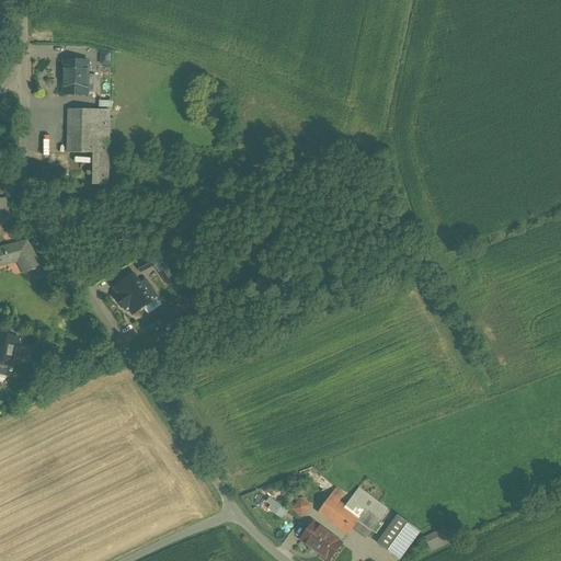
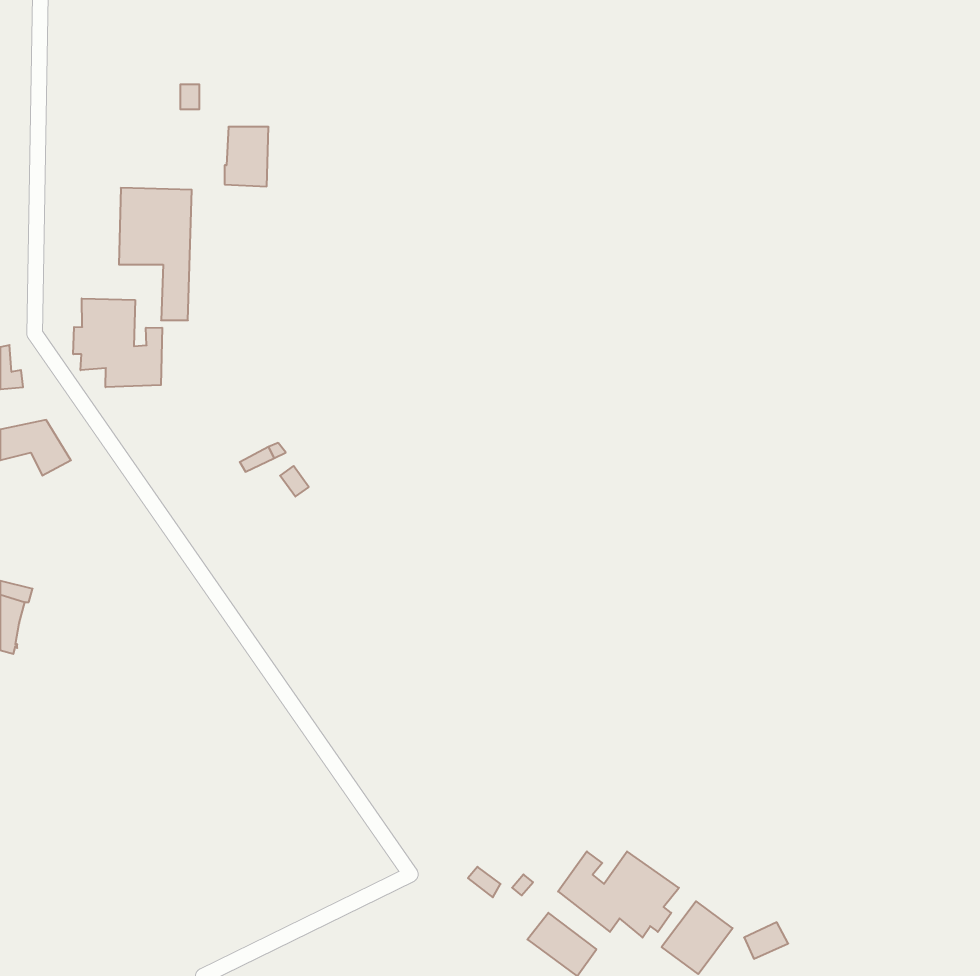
building: [64,59,89,93] -> [225,127,269,186]
building: none -> [73,298,162,387]
building: [115,273,151,311] -> none

